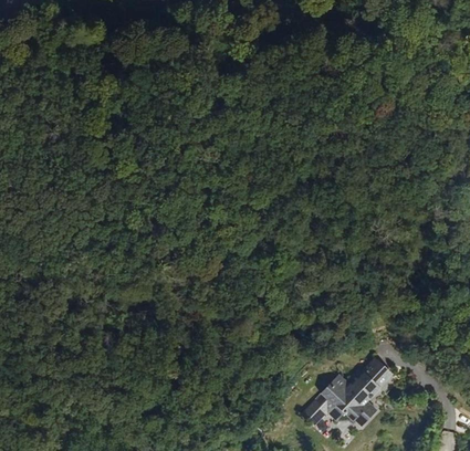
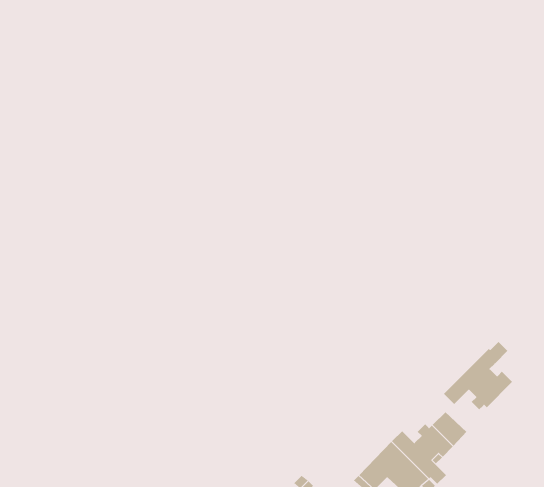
building: none -> [443,341,513,410]

